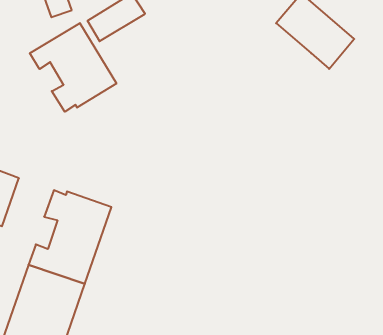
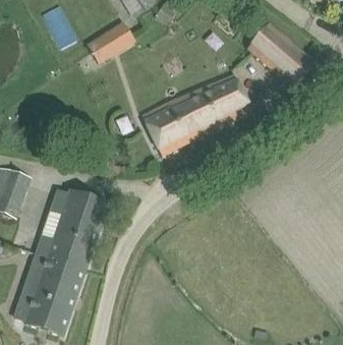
building: [30,23,116,112] -> none
building: none -> [140,73,250,155]

